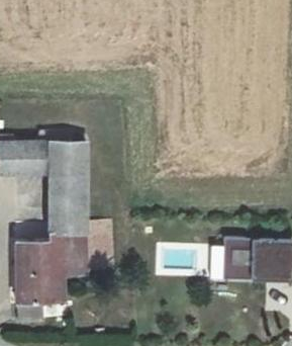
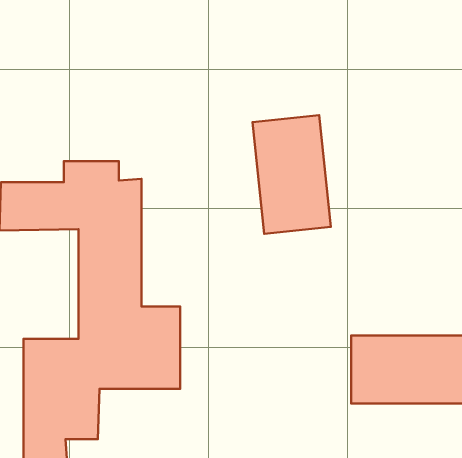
building: none -> [252,115,331,234]

